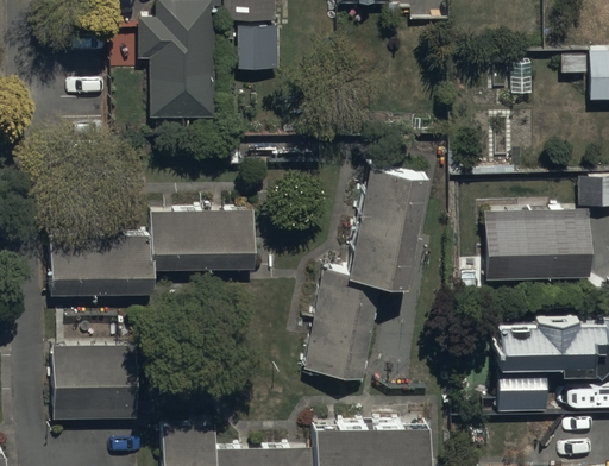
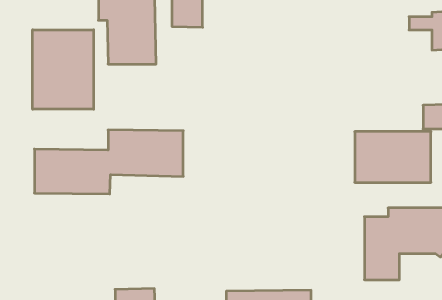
building: none -> [33,30,94,109]
building: [303,159,427,373] -> none
building: [52,345,138,421] -> none

